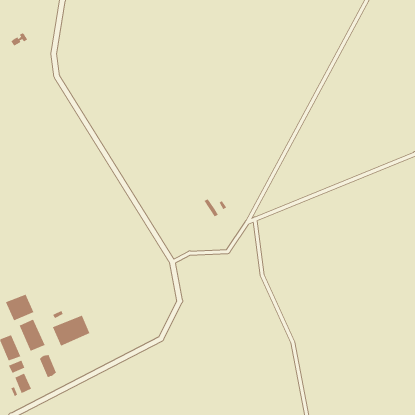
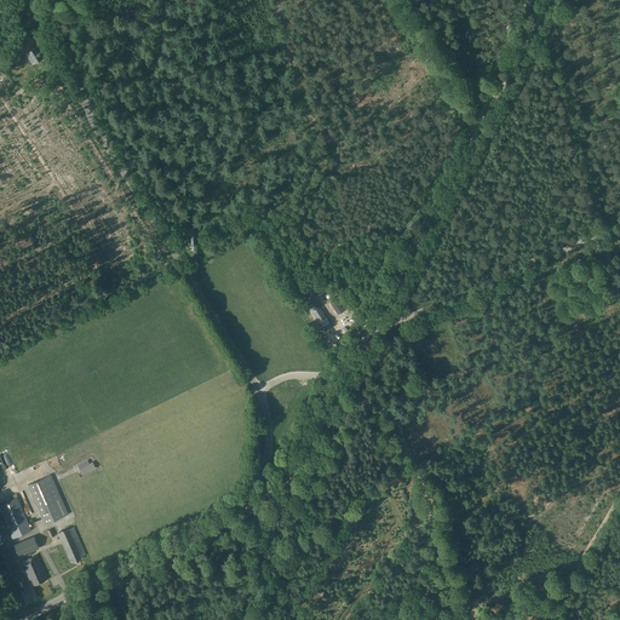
building: [5,294,34,321] -> none
building: [52,315,90,346] -> none

